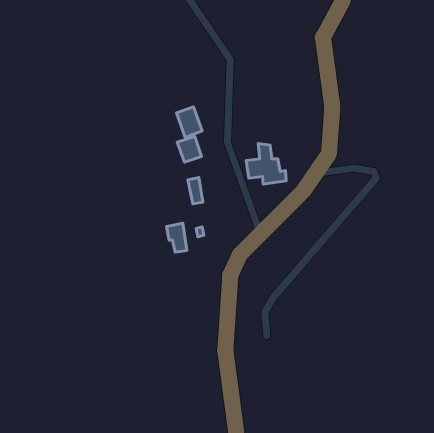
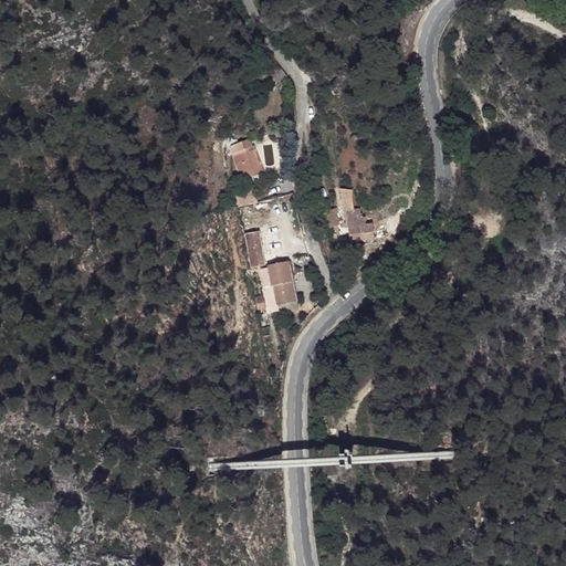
building: [177,137,201,162] -> none
building: [167,223,187,252] -> [268,262,294,300]

